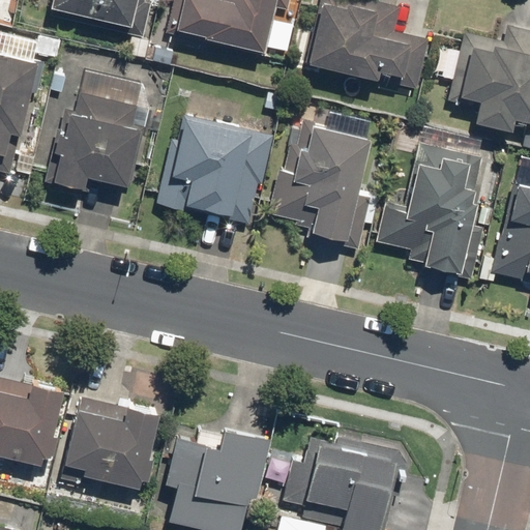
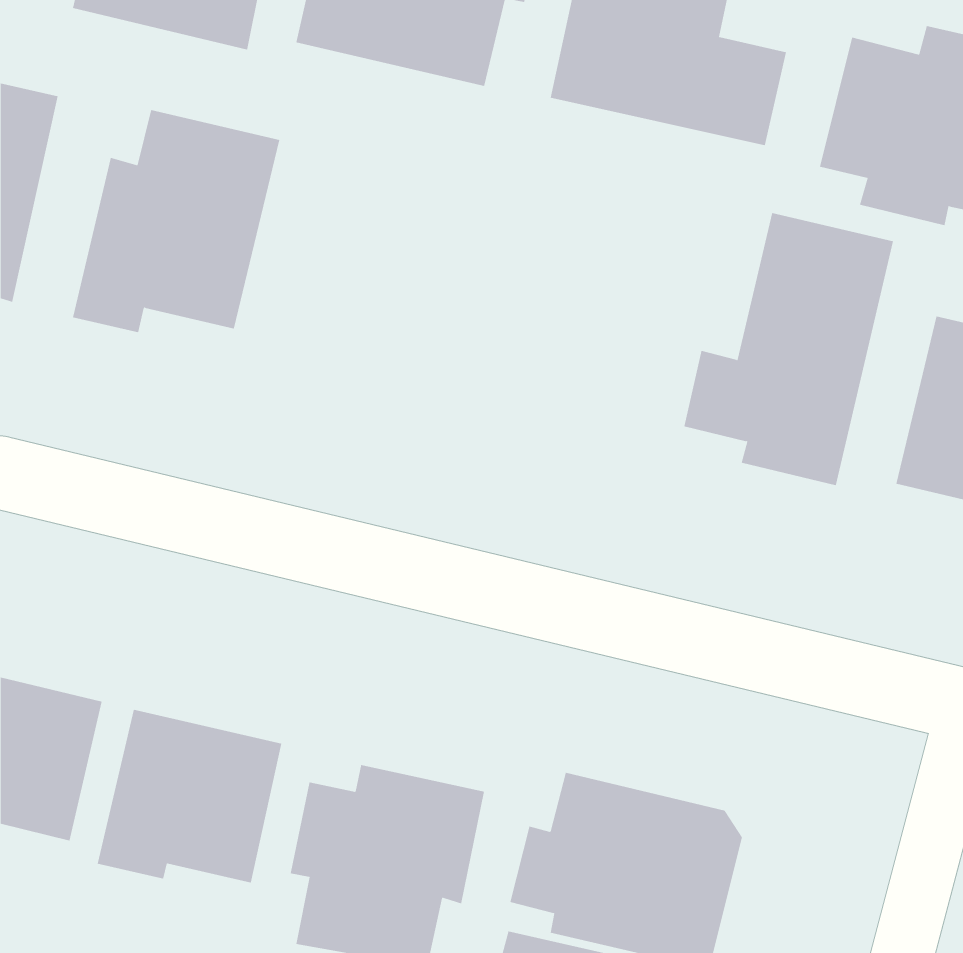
building: [157,114,275,227] -> none
building: [266,121,372,247] -> none

